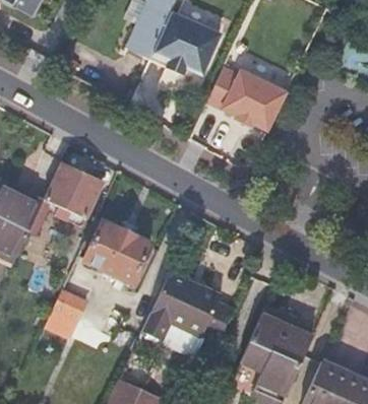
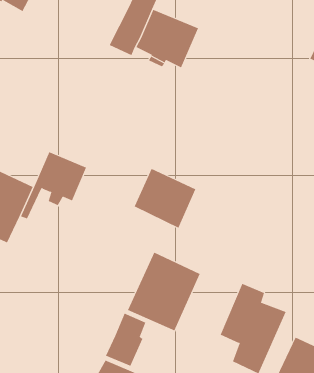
building: [205,66,287,133] -> none
building: [85,222,151,286] -> [134,168,196,228]
building: [49,294,86,333] -> none

